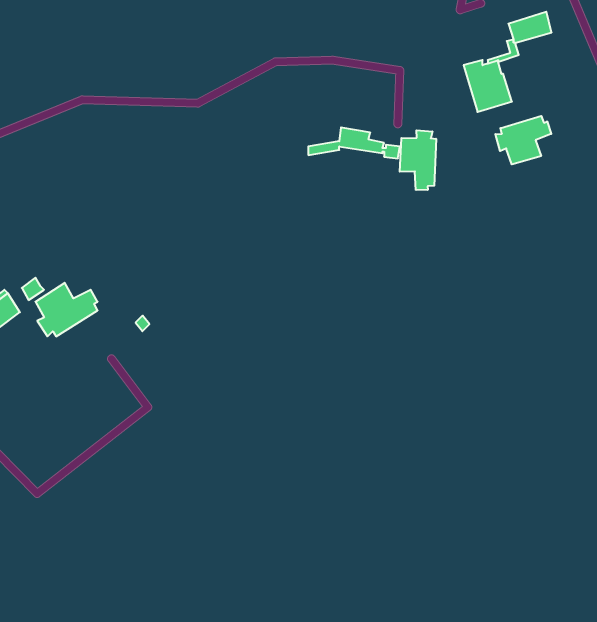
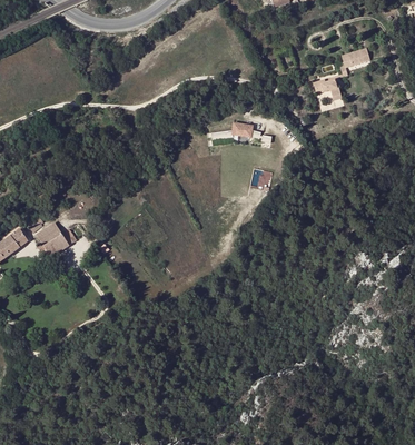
building: [495,116,551,164] -> none
building: [400,130,436,190] -> none

